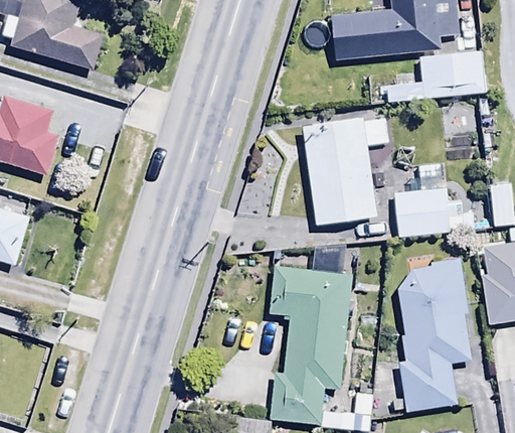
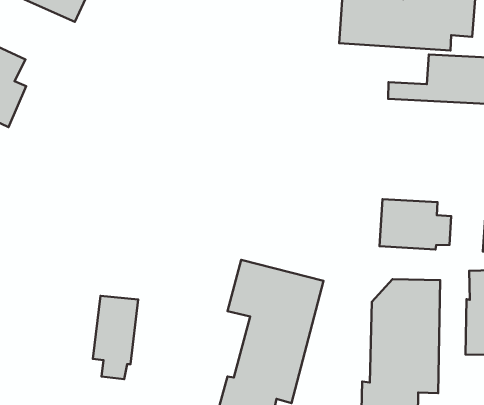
building: [304,118,390,227] -> none
building: none -> [93,296,138,379]

